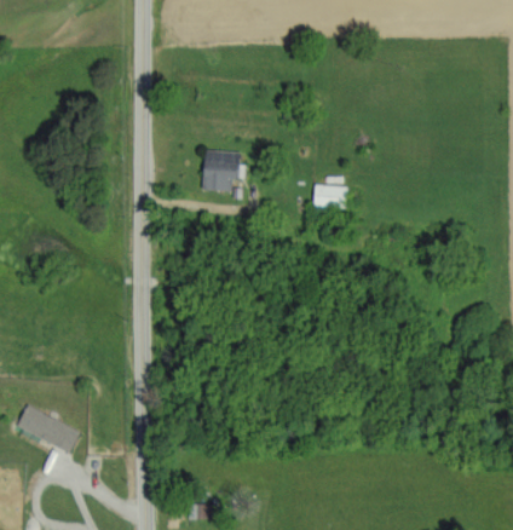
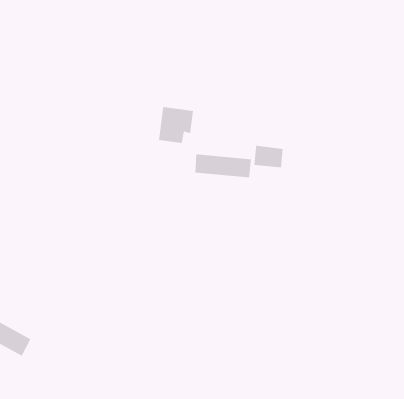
building: none -> [195,154,251,178]

